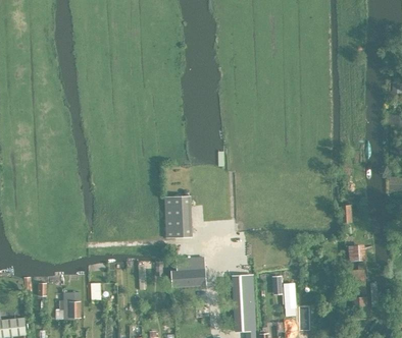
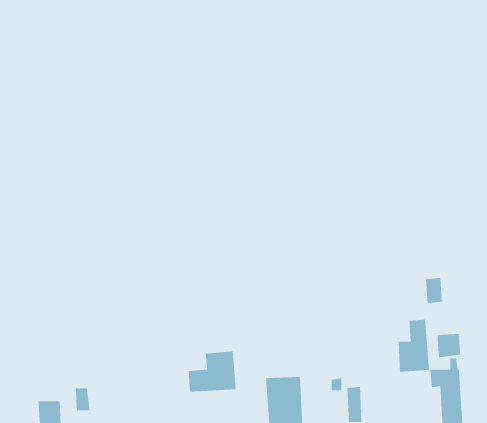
building: [164,195,193,238] -> none
building: none -> [398,319,430,373]

